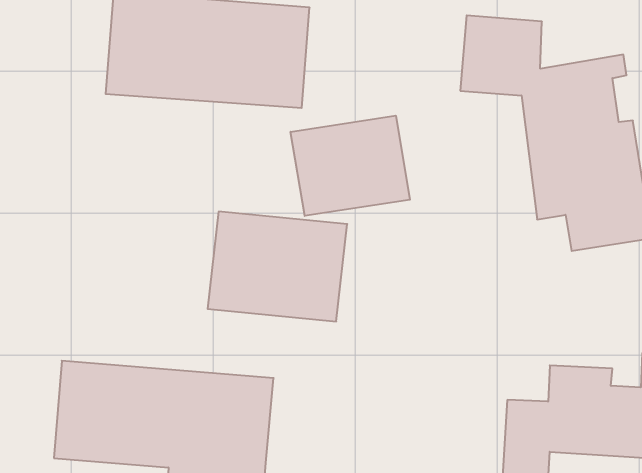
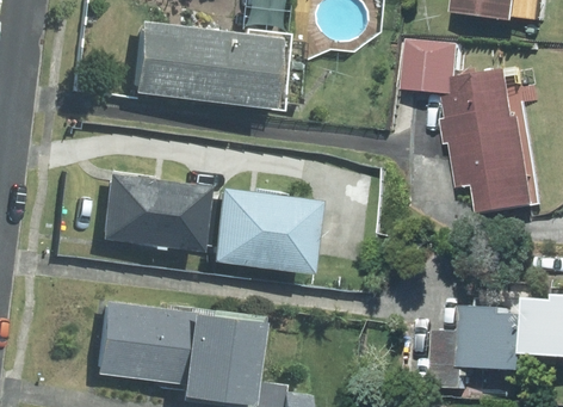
building: [291,116,410,216] -> none
building: none -> [97,174,209,249]

